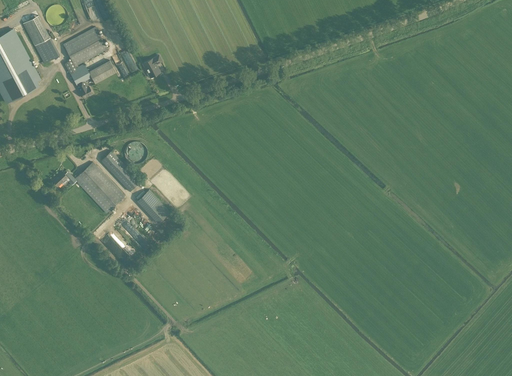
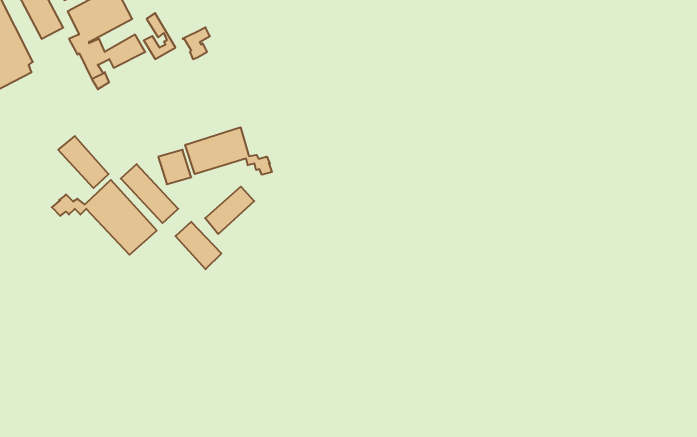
building: none -> [185,127,272,175]
building: none -> [58,136,109,188]
building: none -> [205,187,254,234]

